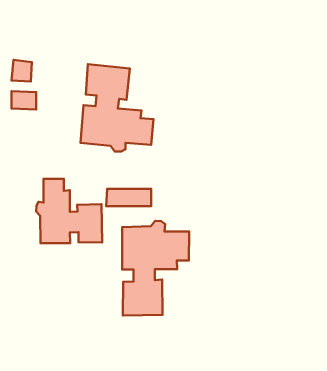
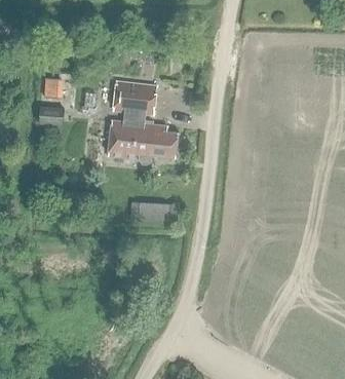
building: [36,179,102,243] -> none
building: [122,221,189,316] -> none

